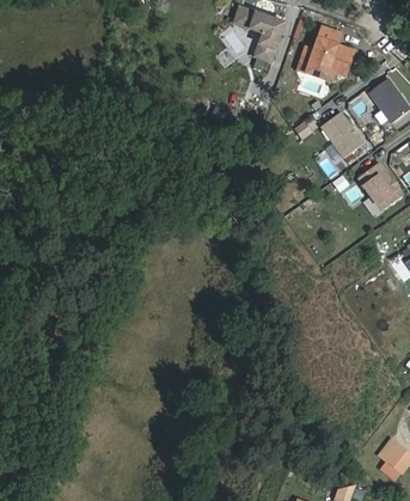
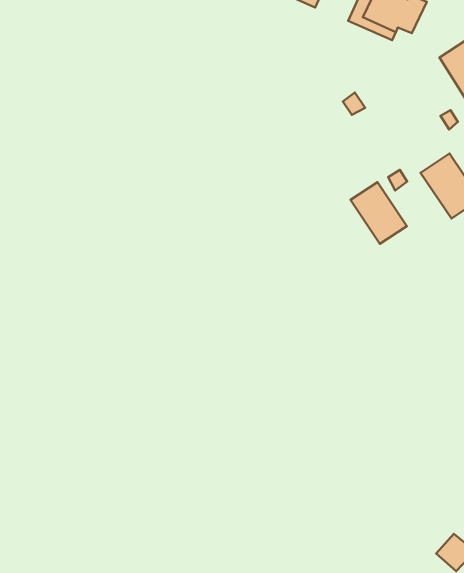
building: [318,114,361,159] -> [351,182,407,244]

